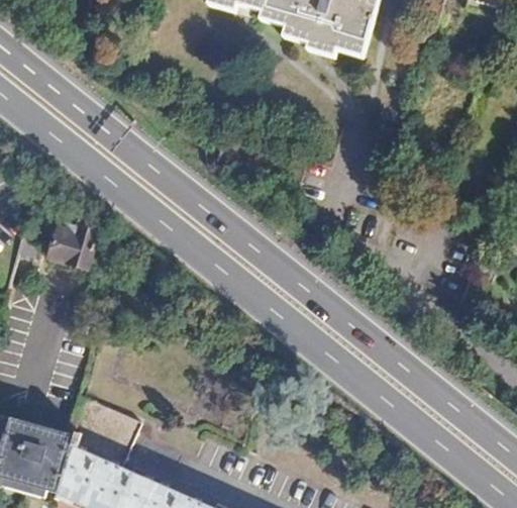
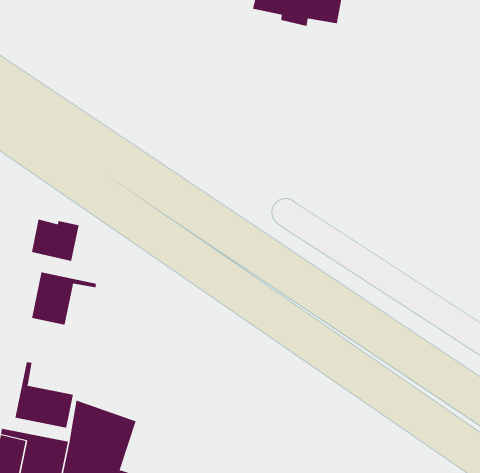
building: none -> [31,272,96,325]
building: none -> [15,361,73,428]

